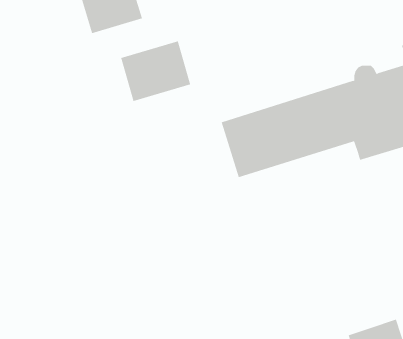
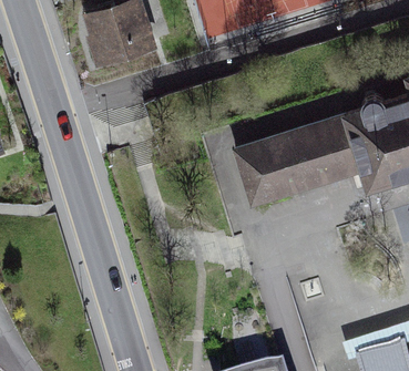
building: [120,40,191,102] -> none

